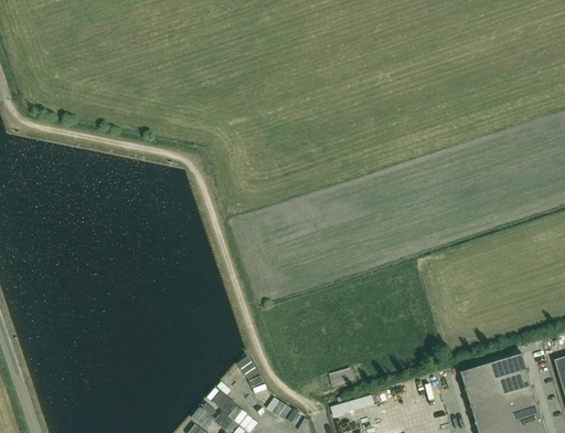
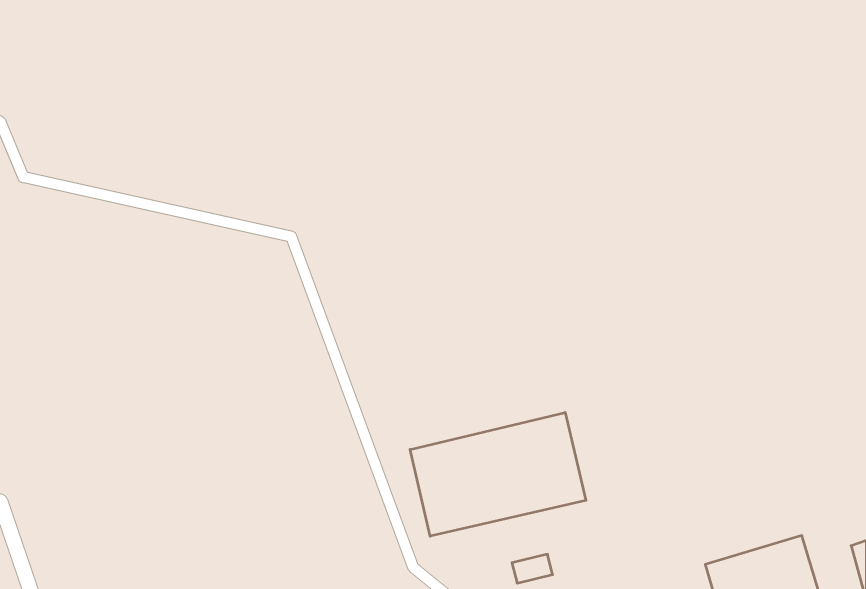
building: none -> [410,412,586,536]

